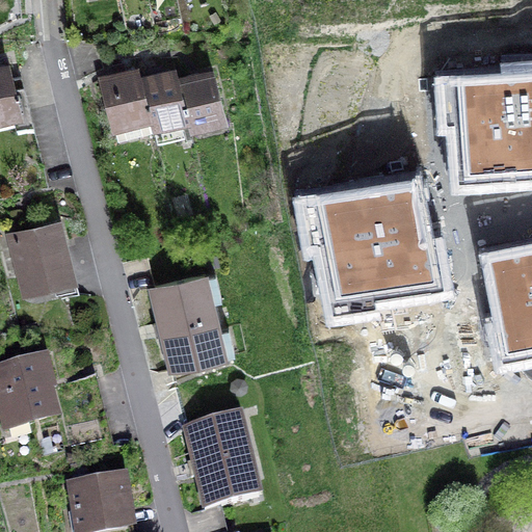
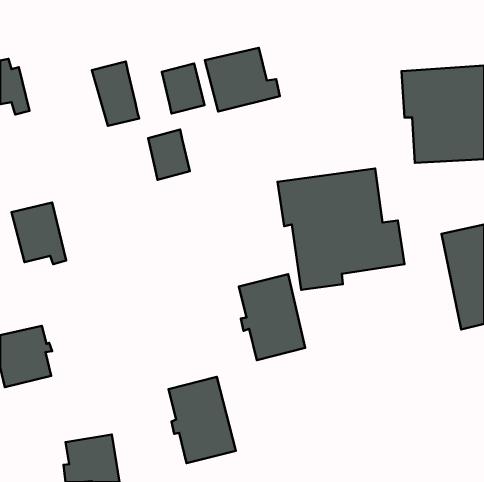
building: none -> [205,48,280,112]
building: [140,69,186,124] -> [148,130,190,180]
building: [151,272,223,367] -> [239,274,305,360]

